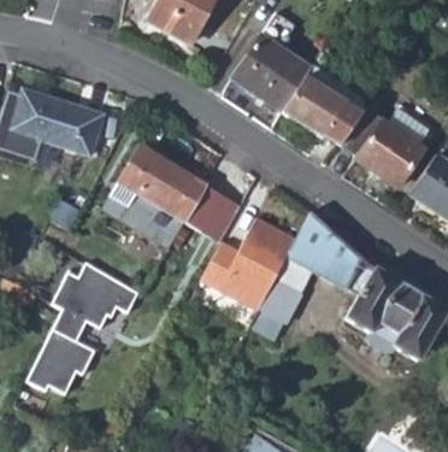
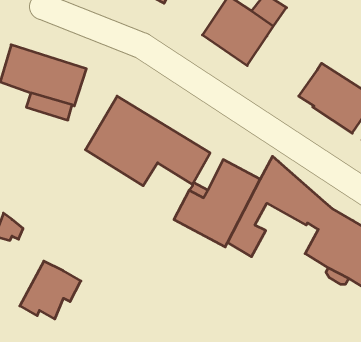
building: [282,78,359,145] -> none
building: [57,259,143,337] -> none

